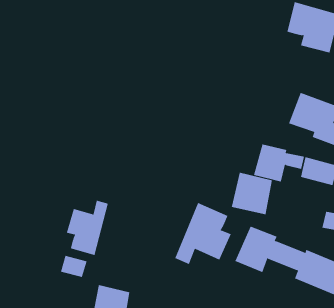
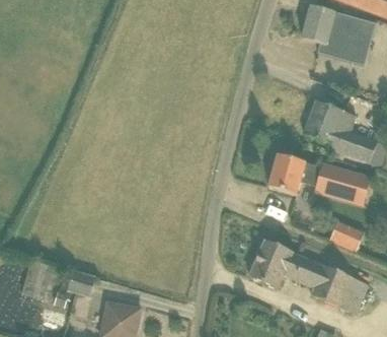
building: [231,172,272,215] -> none
building: [66,200,108,256] -> none
building: [175,202,231,265] -> none

